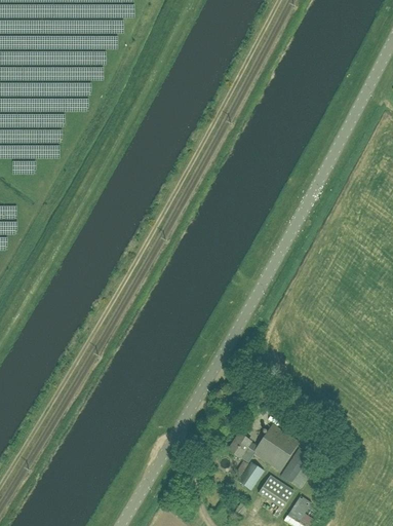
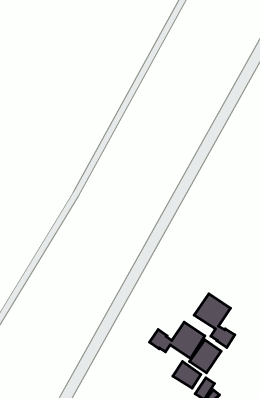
building: none -> [194,294,235,348]
building: [235,461,263,490] -> none

